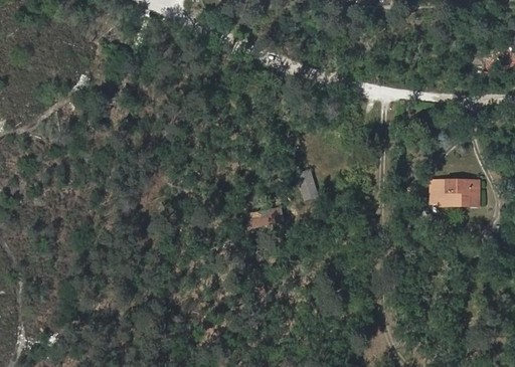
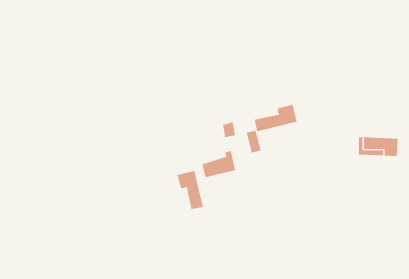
building: none -> [254,104,297,132]
building: none -> [177,170,204,210]

